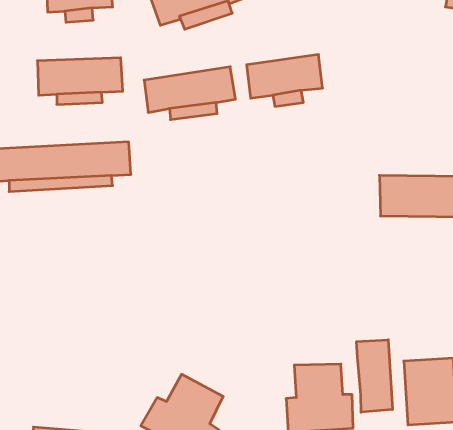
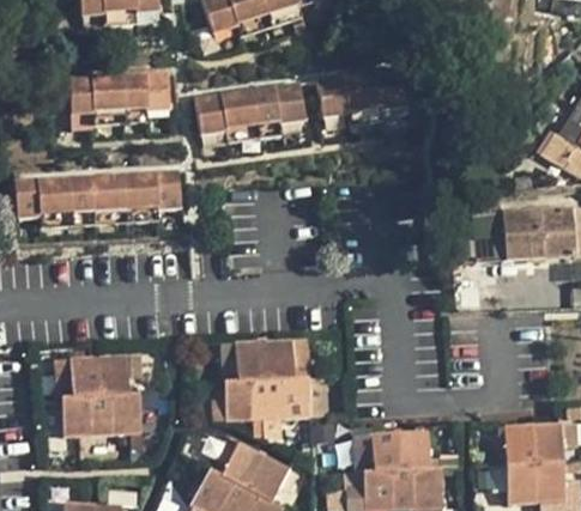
building: none -> [225,341,309,421]
building: none -> [61,357,141,437]
building: [357,340,392,412] -> none

